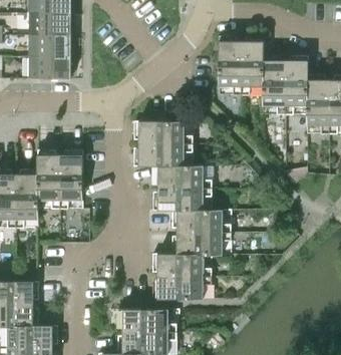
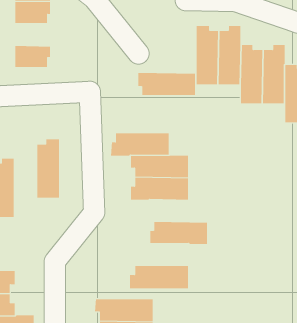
building: [37,34,73,57] -> none
building: [133,120,192,143] -> [137,72,196,96]
building: [37,149,59,209] -> none
building: [172,210,230,233] -> none
building: [151,253,211,276] -> none

